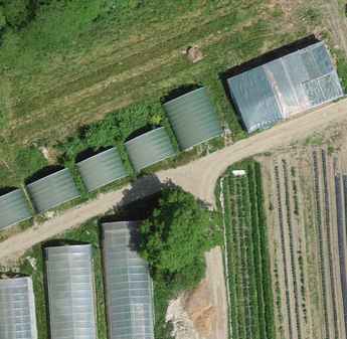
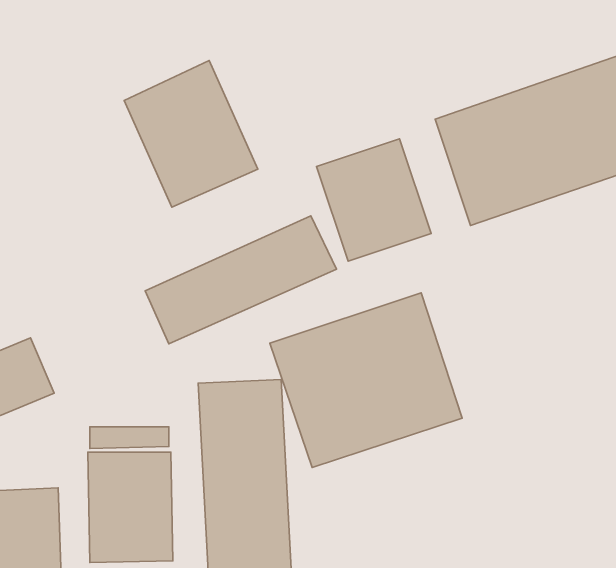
building: none -> [124,61,258,207]
building: none -> [270,293,462,468]
building: [29,170,76,210] -> none

